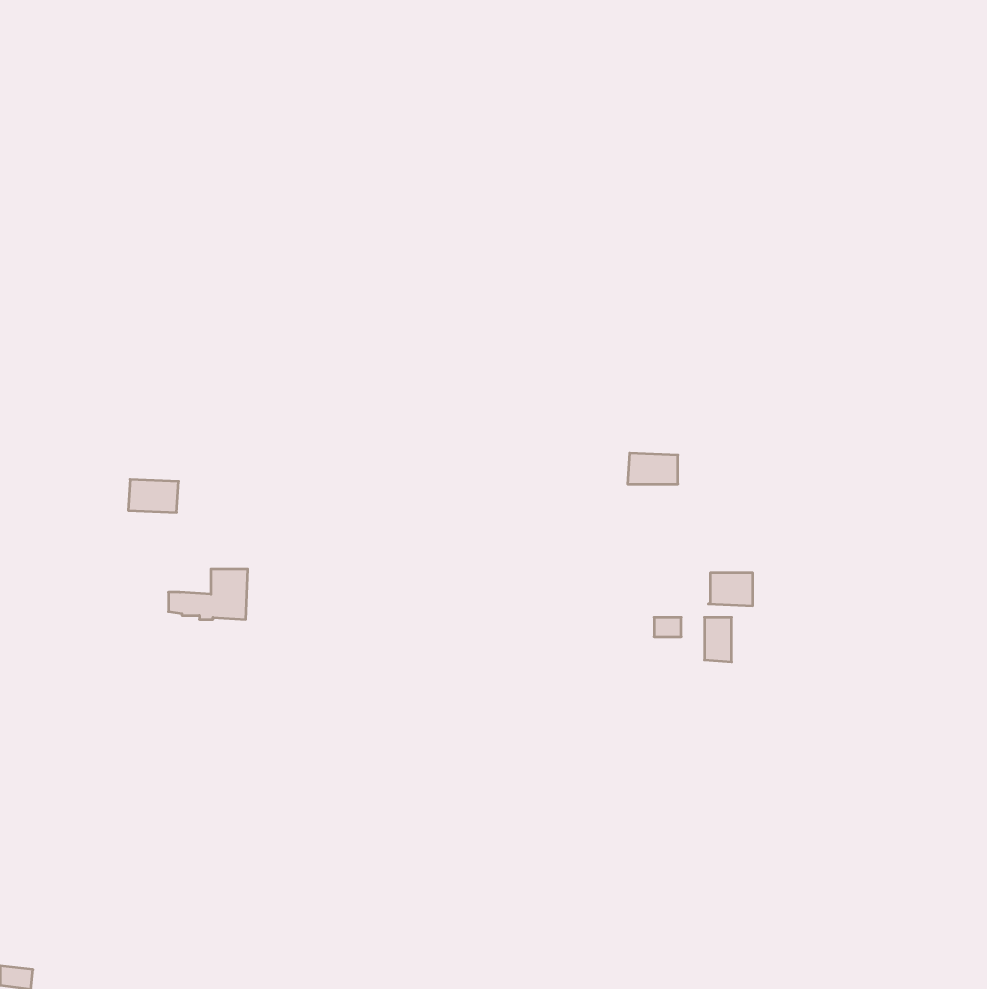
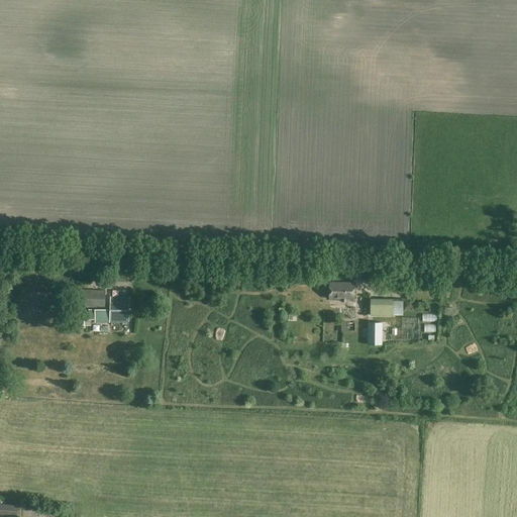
building: [628,453,678,484] -> [329,283,355,299]
building: [128,479,179,512] -> [80,290,106,307]

